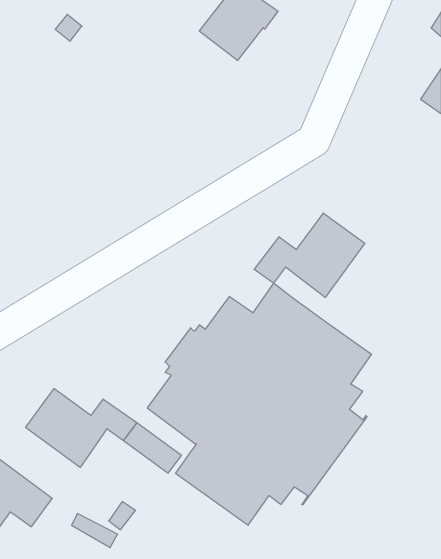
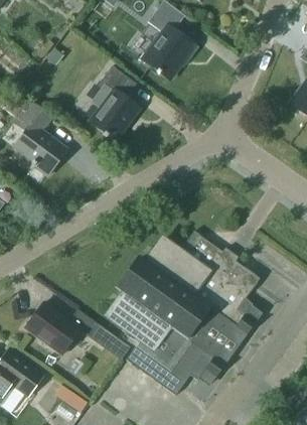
building: none -> [89,66,139,141]
building: none -> [13,101,66,175]
building: [254,213,365,297] -> none

